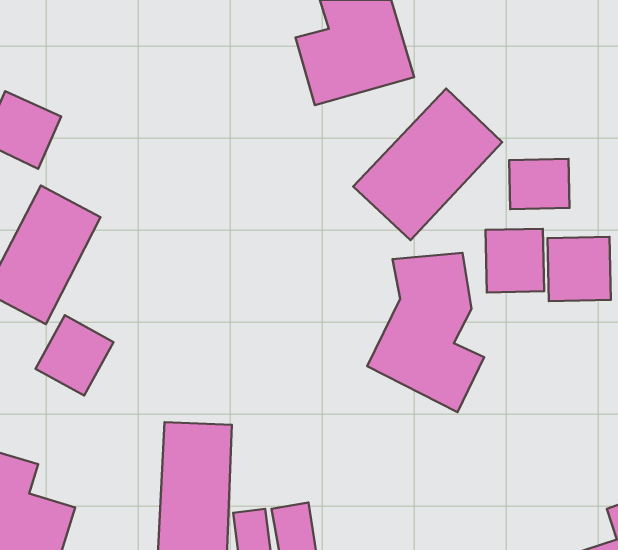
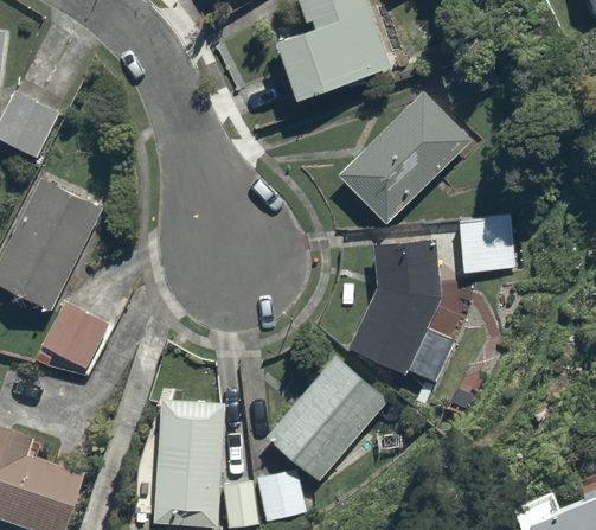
building: [509,159,570,209] -> none
building: [547,237,611,301] -> none
building: none -> [263,351,398,489]

